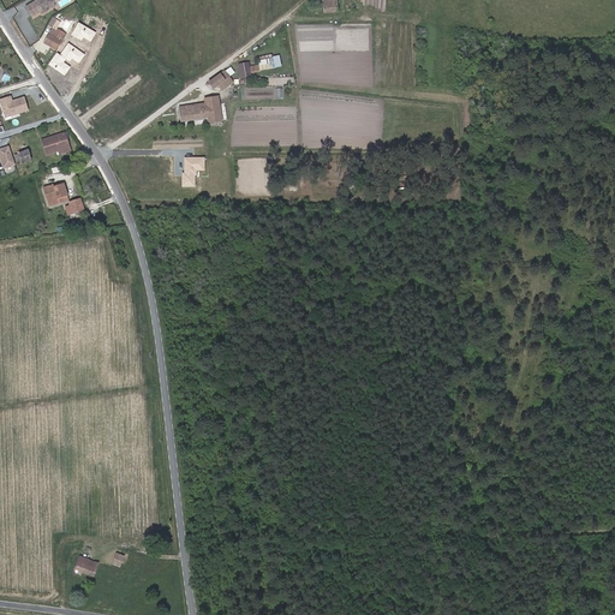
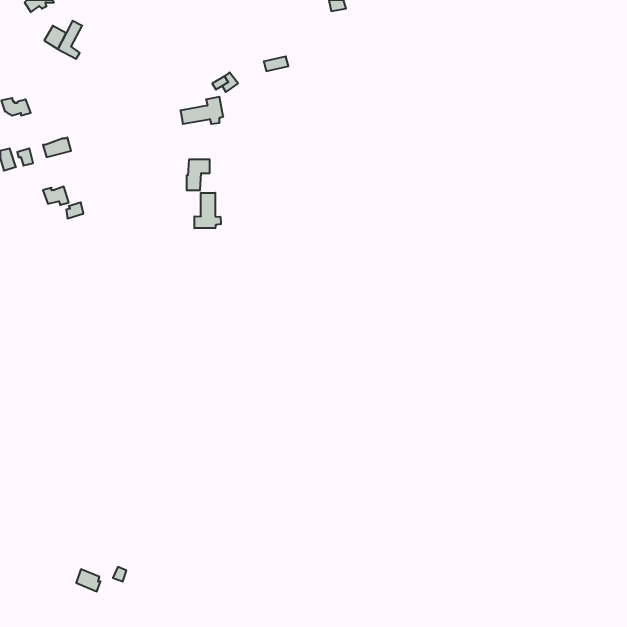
building: none -> [194,193,221,228]

